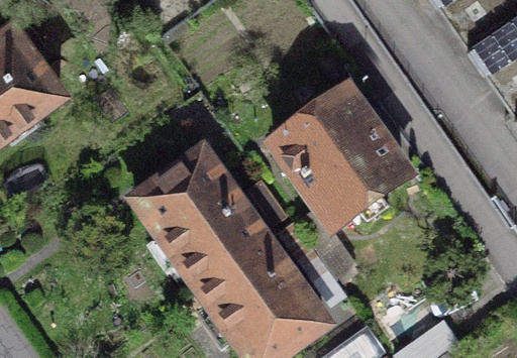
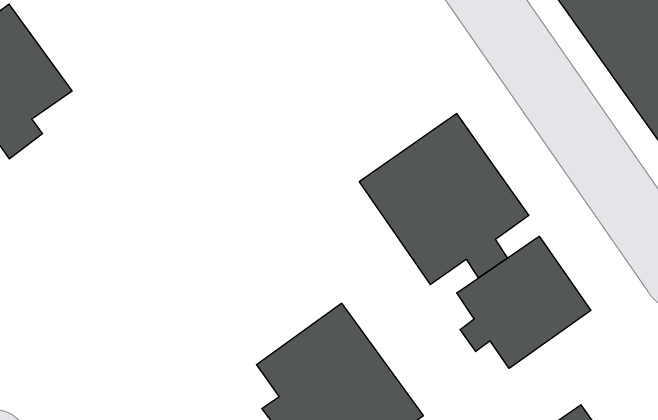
building: [139,148,267,281] -> none
building: none -> [457,236,591,368]

